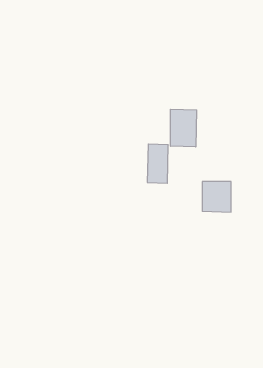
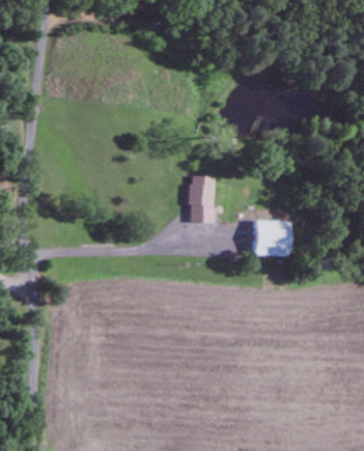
building: [171,109,197,147] -> none

